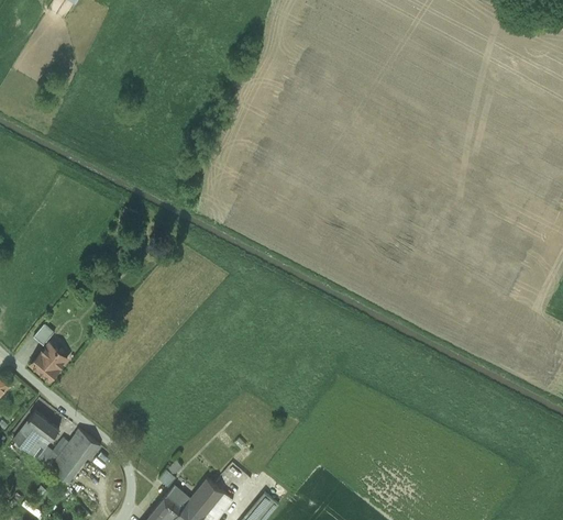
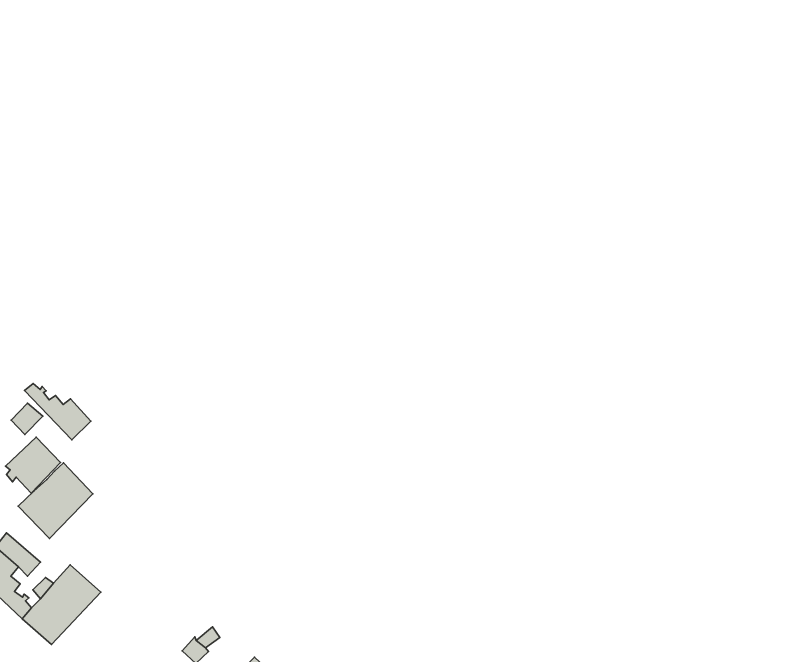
building: none -> [25,383,91,440]
building: none -> [18,463,93,539]

